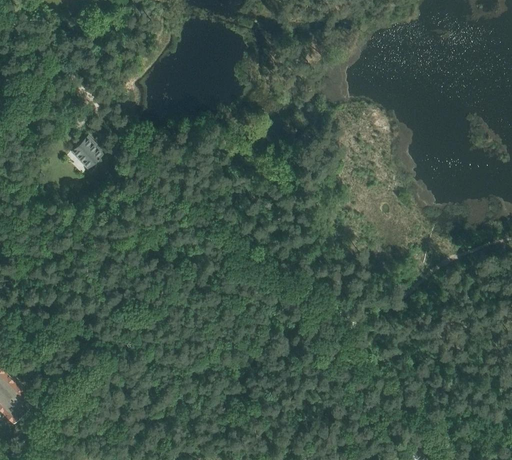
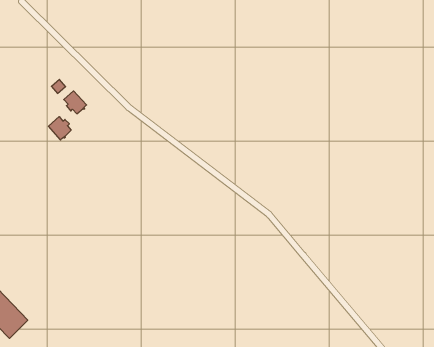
building: none -> [49,117,71,140]

